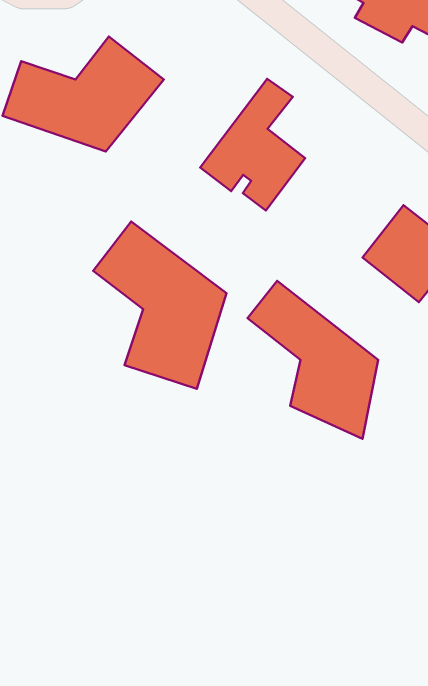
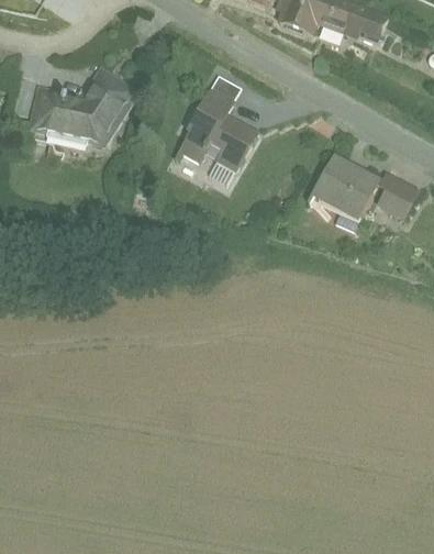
building: [93,221,227,389] -> none
building: [247,281,378,439] -> none

